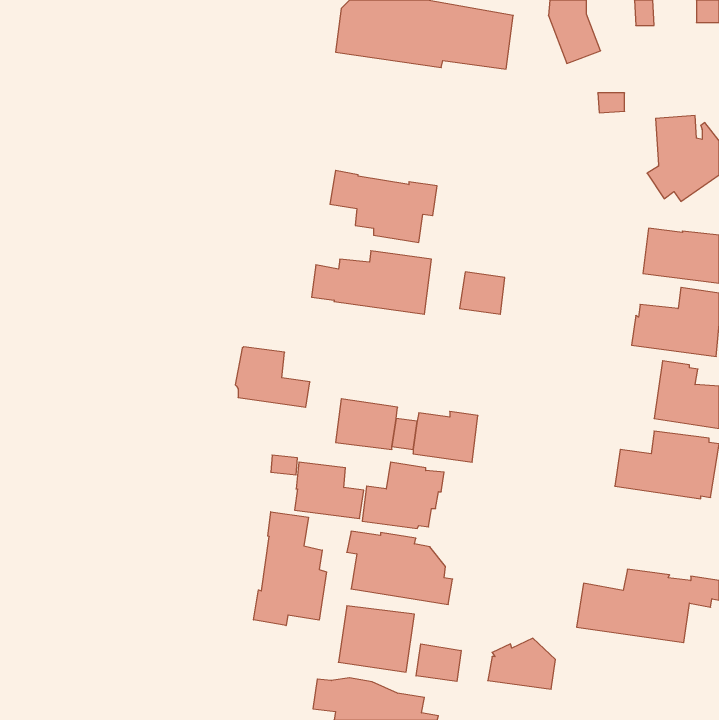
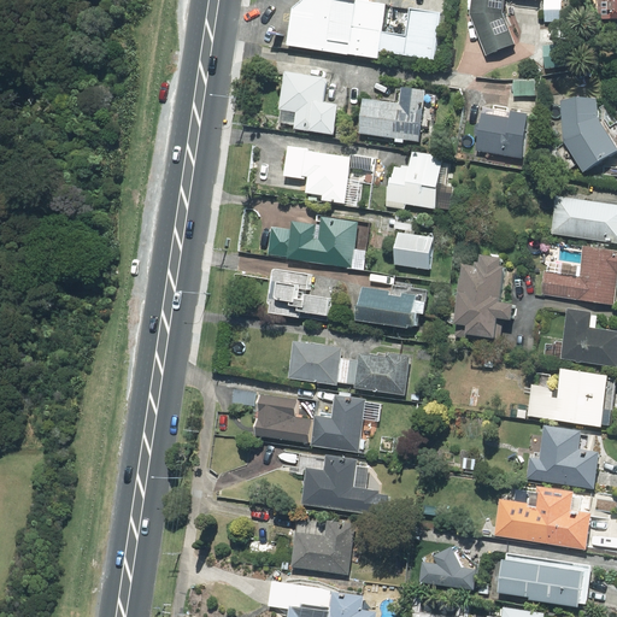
building: none -> [277,71,336,134]
building: none -> [357,86,436,142]
building: none -> [472,107,529,158]
building: none -> [384,153,453,210]
building: none -> [453,254,511,341]
building: none -> [353,281,427,329]
building: [235,347,310,407] -> [265,269,329,321]
building: none -> [525,425,597,488]
building: [254,512,327,626] -> none
building: [416,644,461,681] -> none
building: none -> [495,553,590,606]

